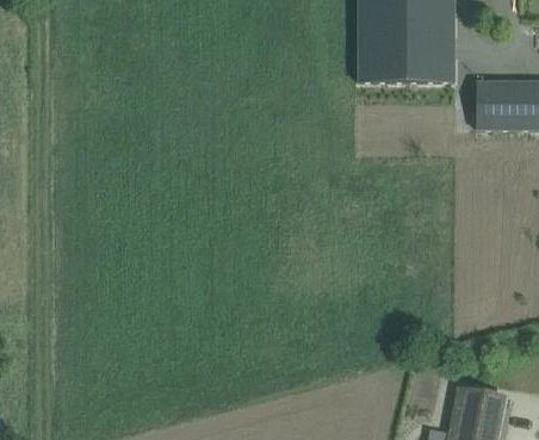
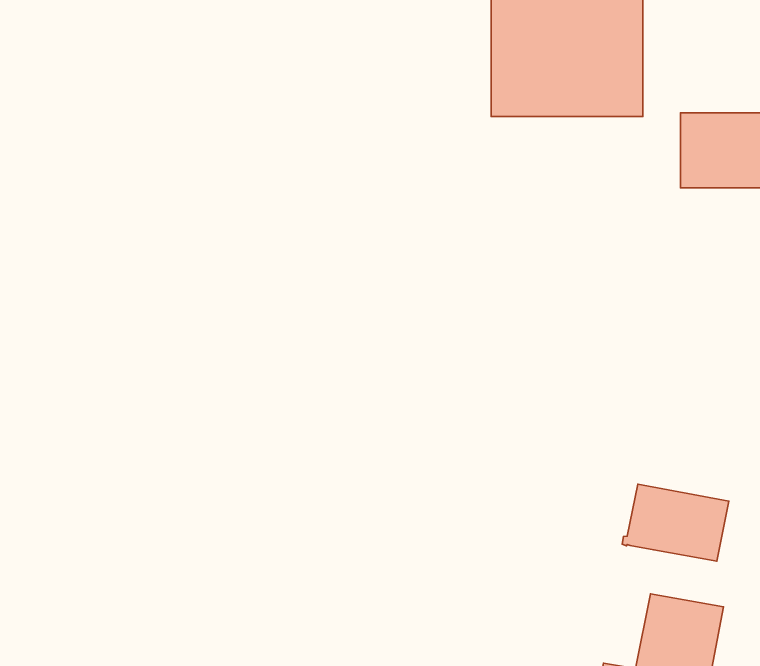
building: none -> [622,484,729,561]

